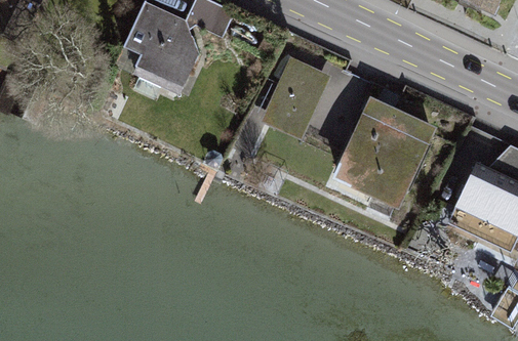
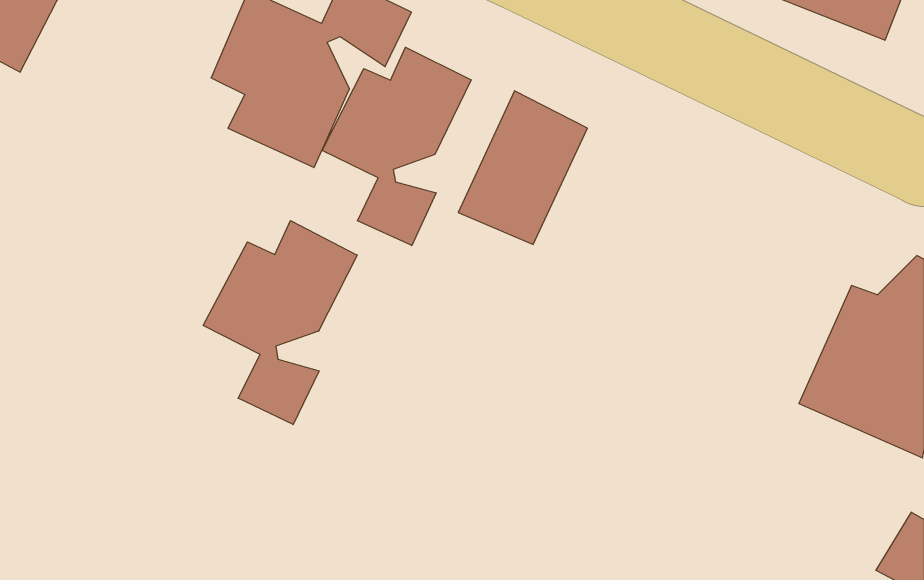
building: none -> [322,47,471,246]
building: [333,95,437,210] -> none
building: none -> [203,221,357,425]

